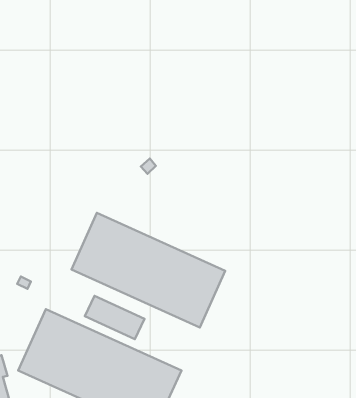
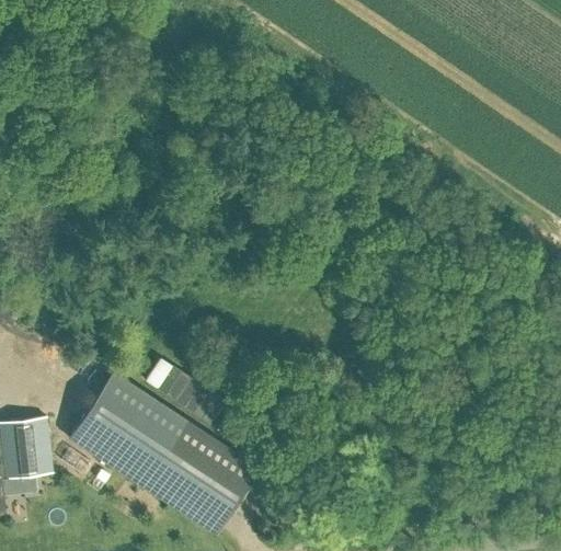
building: [72,213,225,327] -> none

